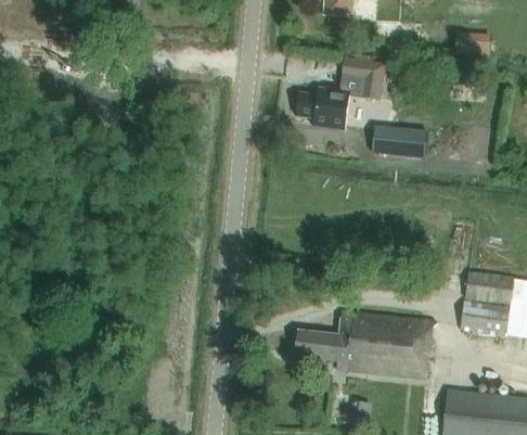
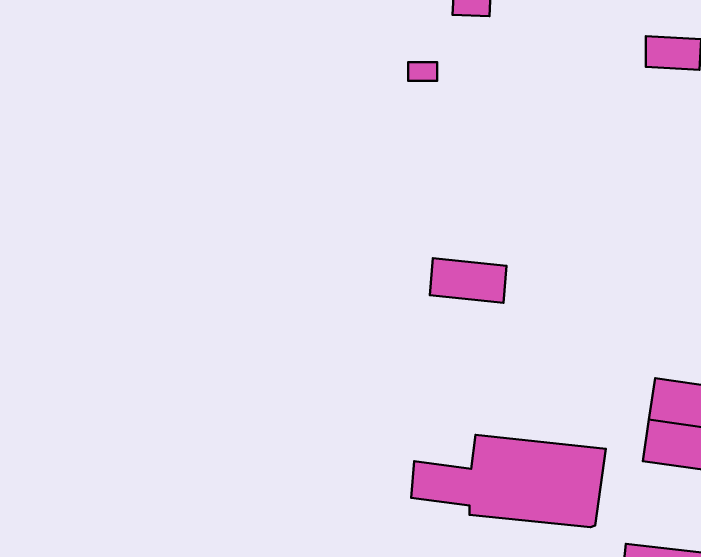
building: [349,52,395,97] -> none
building: [298,90,347,127] -> none
building: [373,125,427,156] -> [430,258,506,303]

